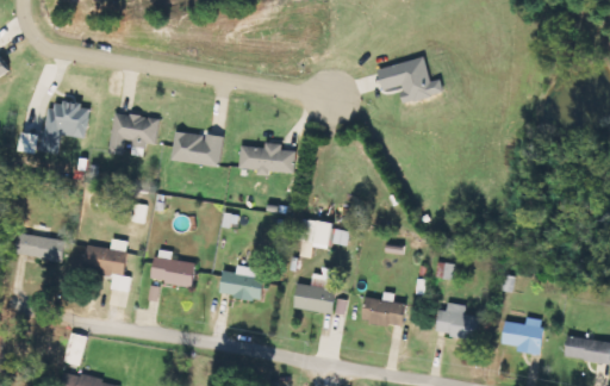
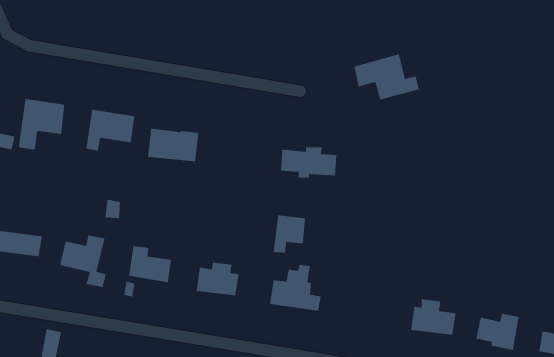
building: [238,143,295,175] -> [280,146,337,178]
building: [361,292,406,328] -> none

